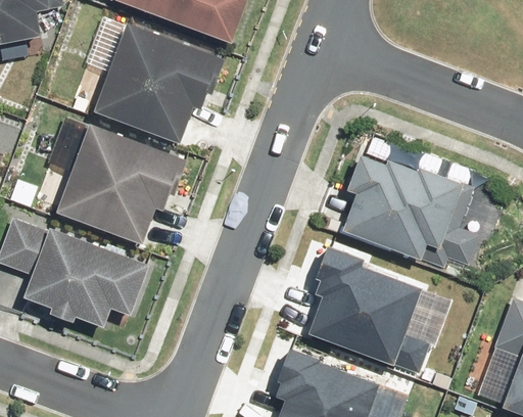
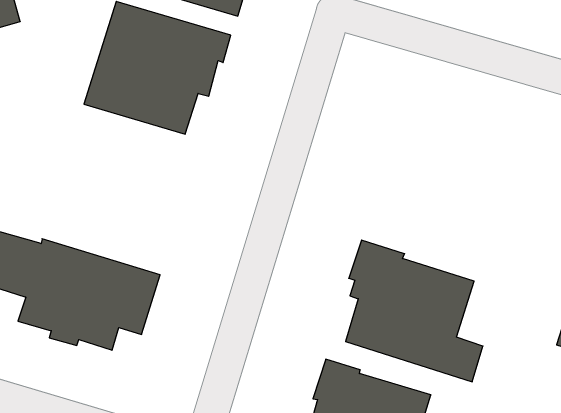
building: [56,124,188,244] -> none
building: [341,154,478,269] -> none

